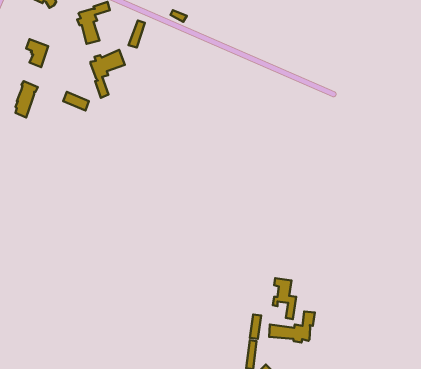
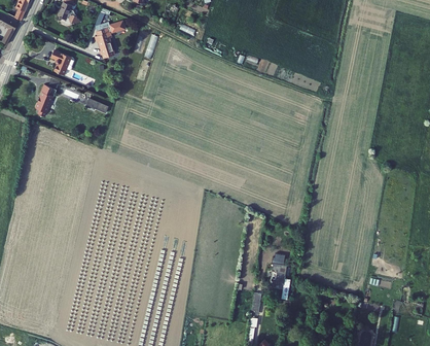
building: [91,50,125,98] -> none
building: [269,311,315,343] -> none

